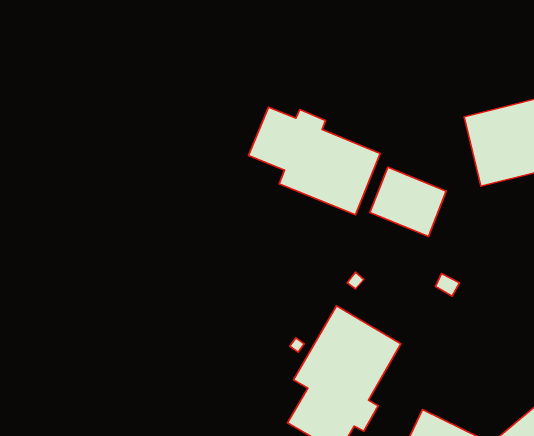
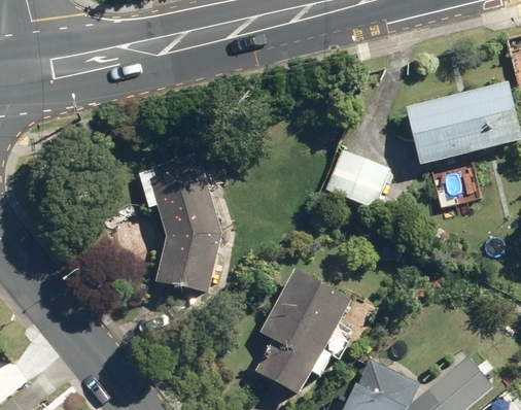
building: [249,107,380,215] -> none
building: none -> [149,162,221,295]

